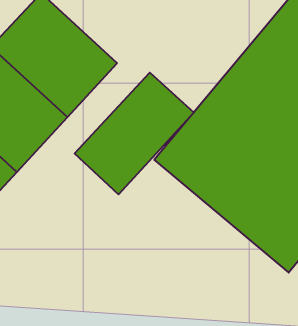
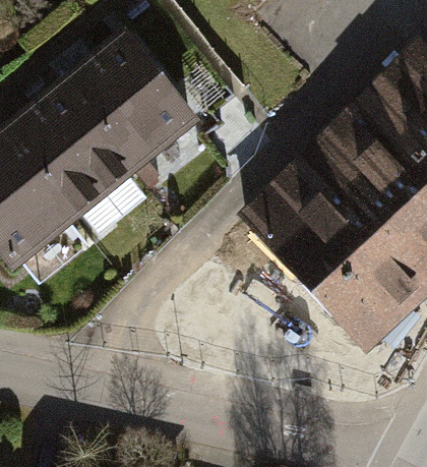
building: [75,73,194,194] -> none

